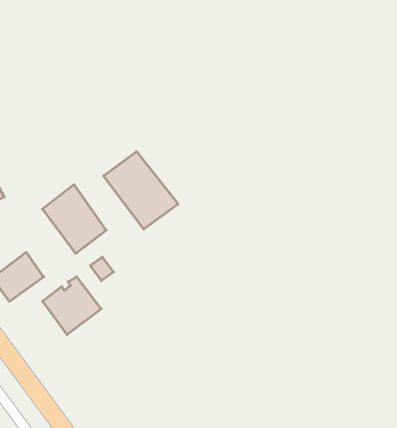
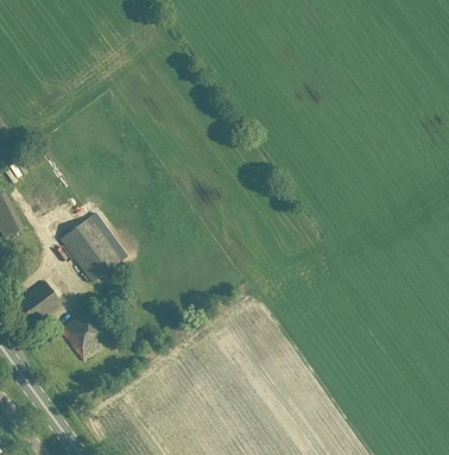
building: [104,152,178,229] -> none

